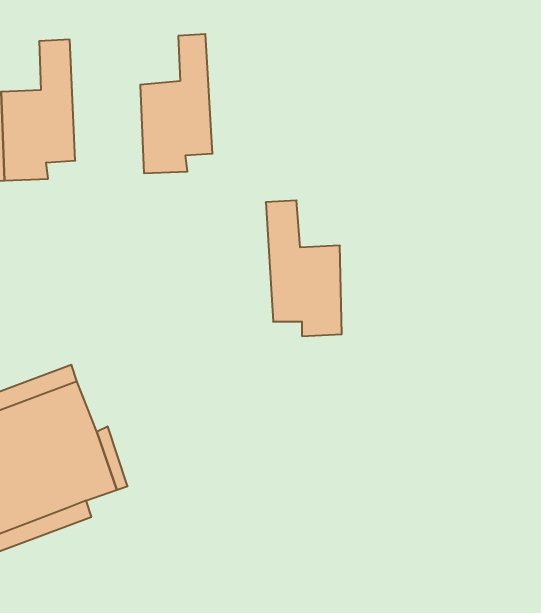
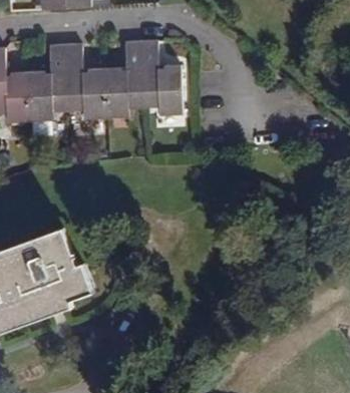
building: none -> [65,43,106,118]
building: [266,200,342,336] -> [140,39,183,114]

